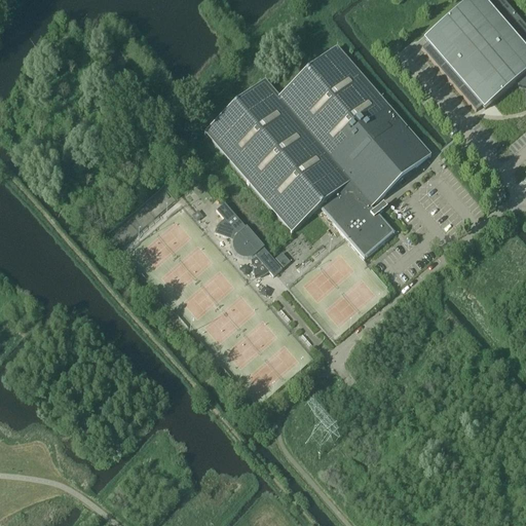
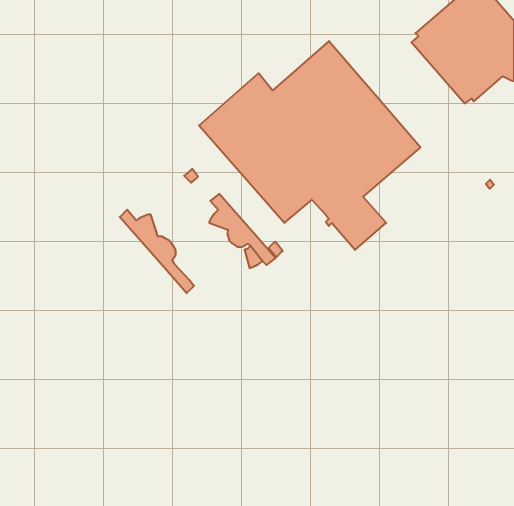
building: none -> [120,210,194,293]

